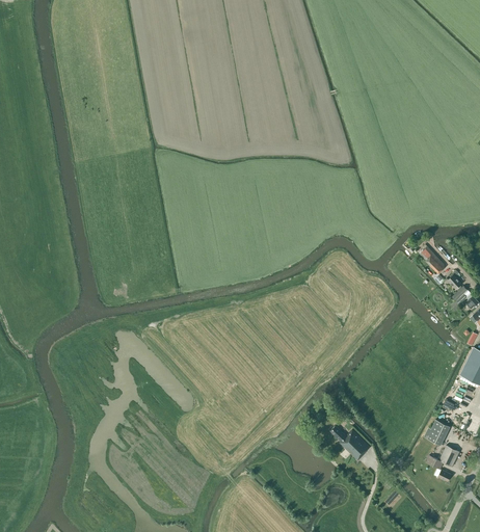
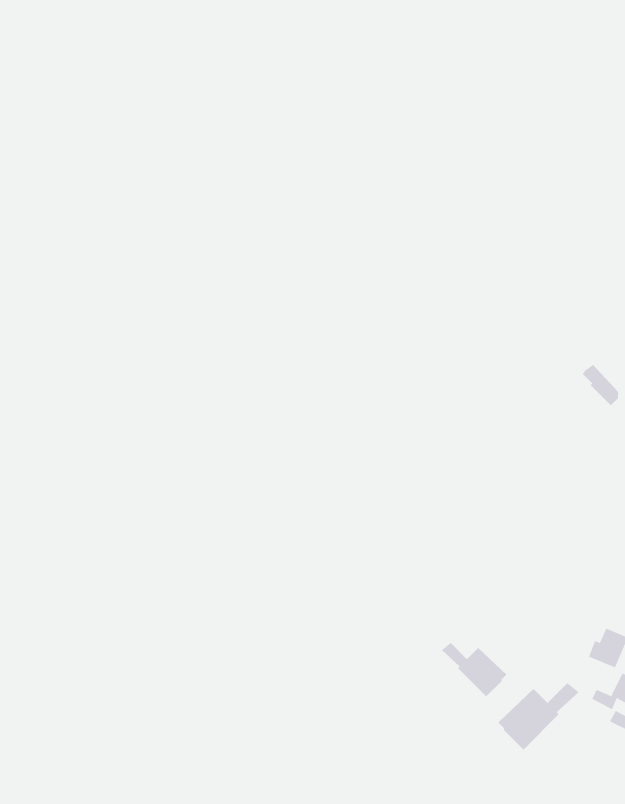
building: none -> [497,682,580,750]

